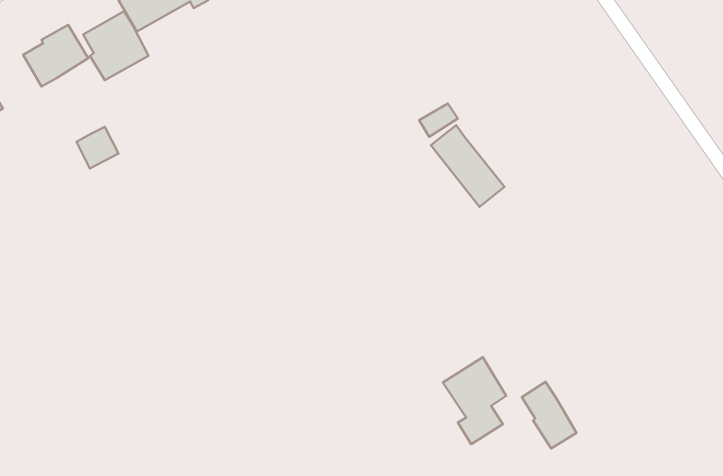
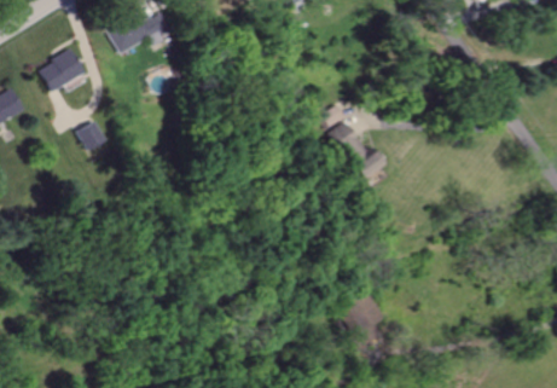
building: [83,11,149,80] -> none
building: [522,382,577,449] -> none

